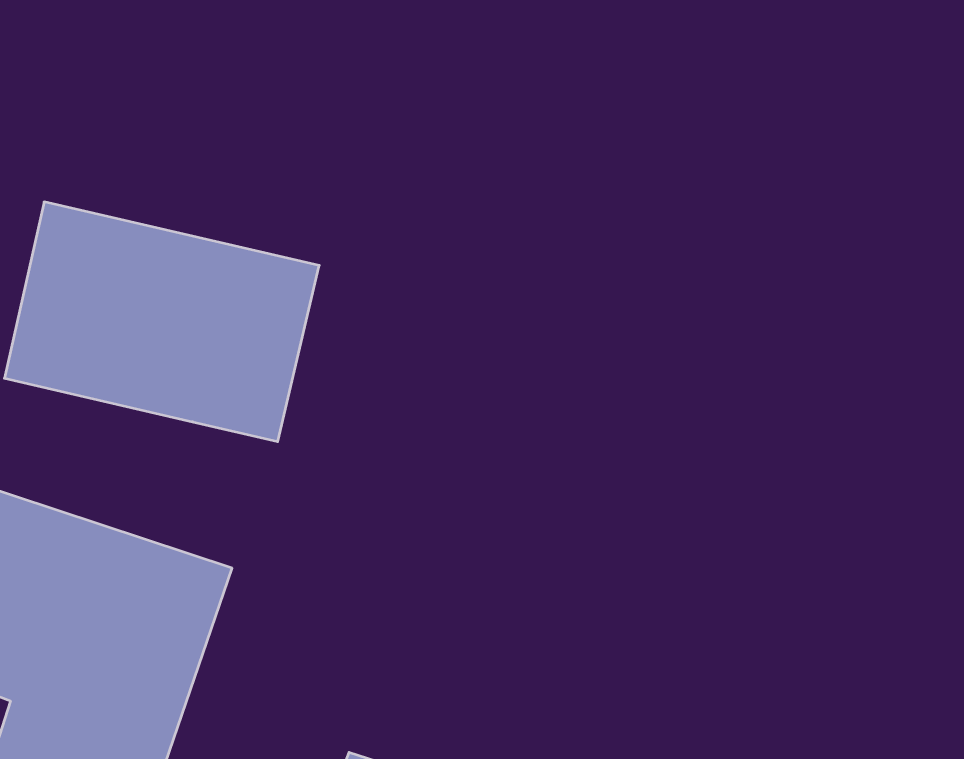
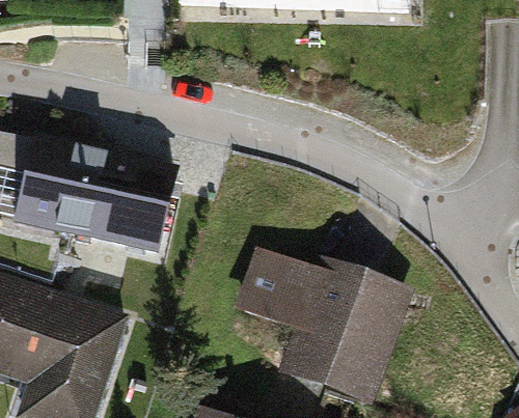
building: none -> [227,243,408,399]

